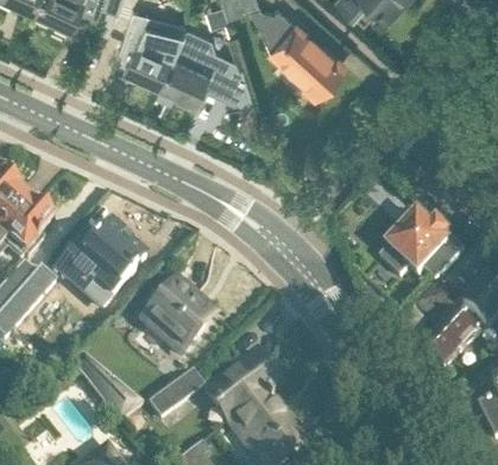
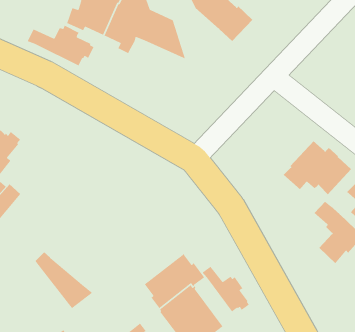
building: none -> [27,25,95,67]
building: [52,220,144,306] -> none
building: [128,282,208,353] -> none
building: [147,367,203,417] -> none
building: none -> [201,266,250,312]

